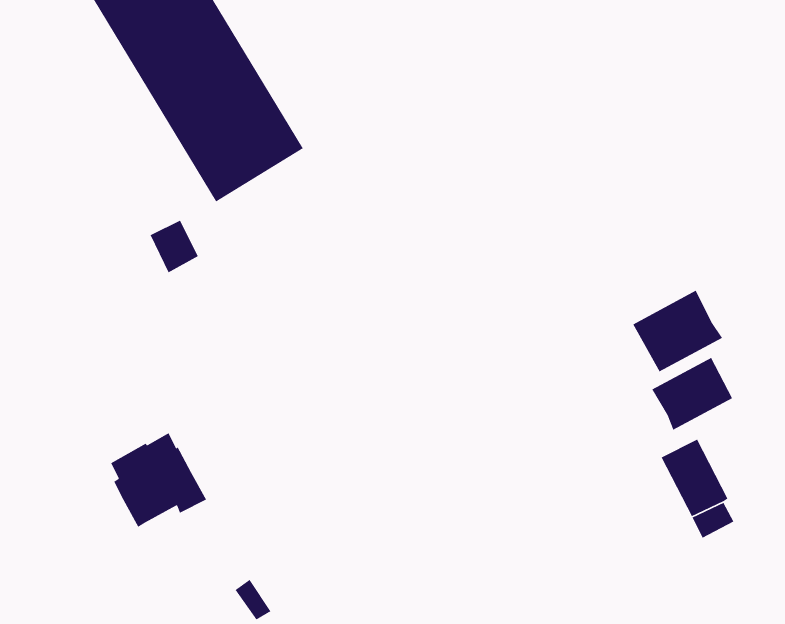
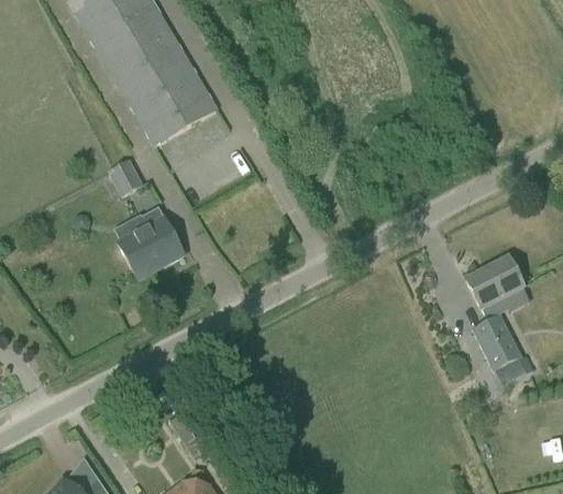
building: [632,290,723,373] -> none
building: [110,432,207,528] -> [117,208,186,276]

